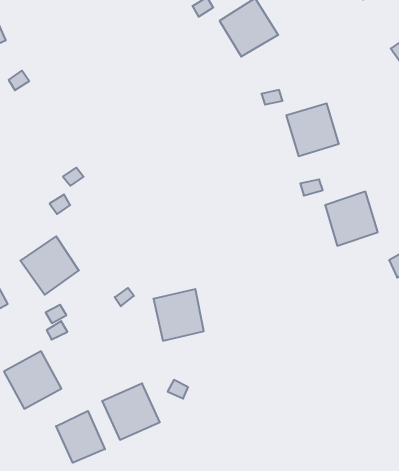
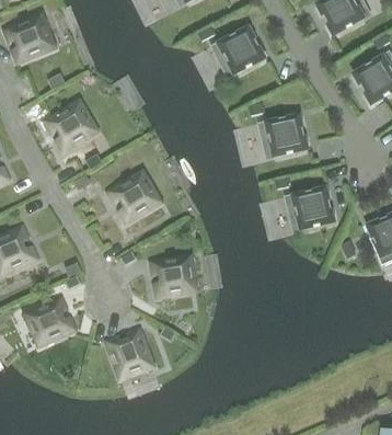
building: none -> [45,103,92,149]
building: [20,236,79,295] -> [108,173,154,219]
building: [56,411,105,463] -> none

